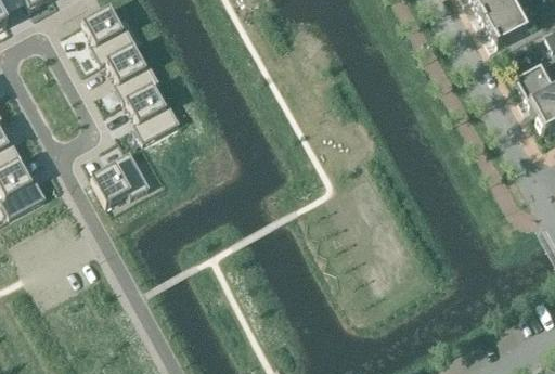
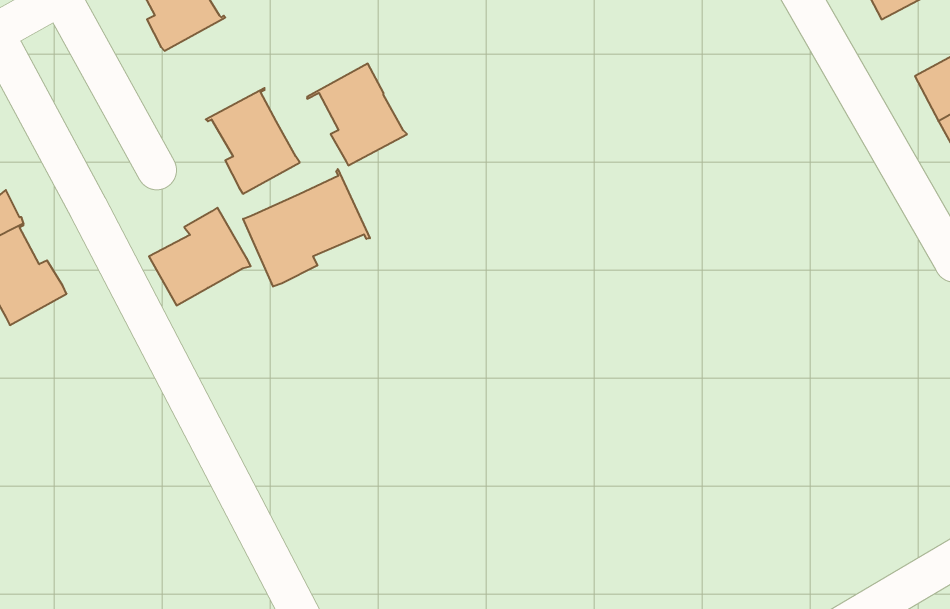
building: [102,43,157,100] -> [307,64,407,165]
building: none -> [243,169,370,287]

